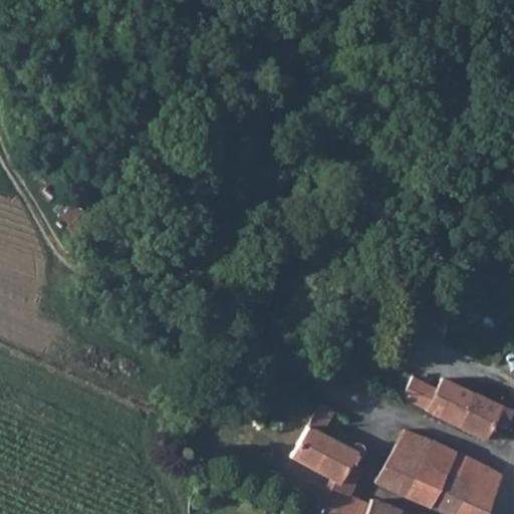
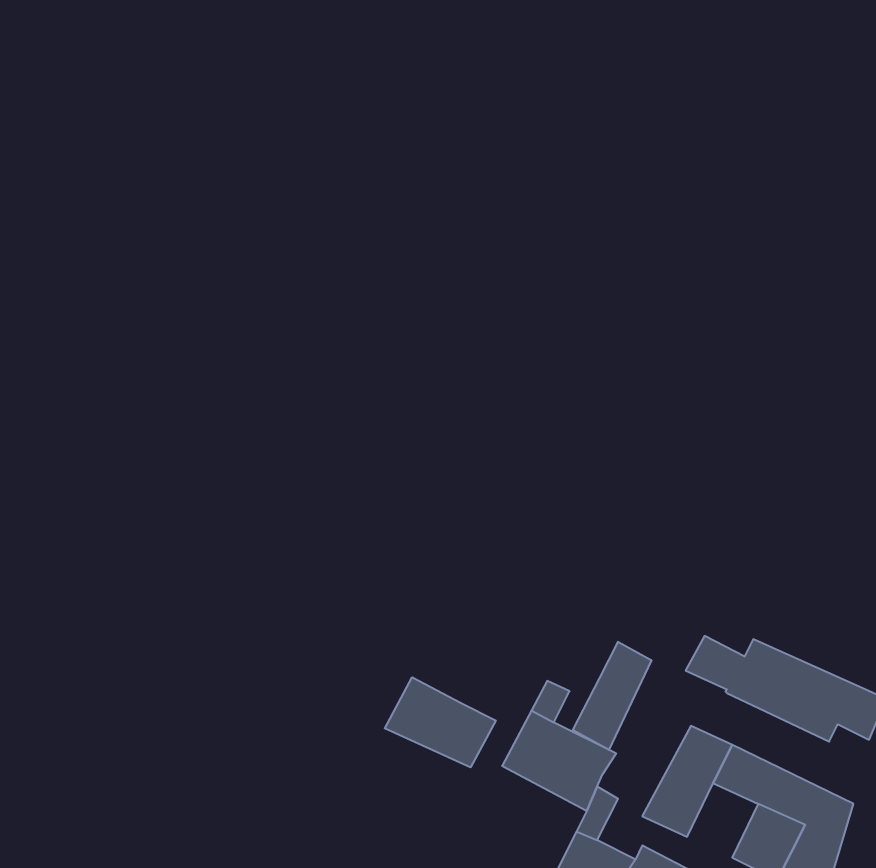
building: none -> [573,642,651,750]
building: none -> [385,677,496,767]
building: [404,464,445,507] -> none

